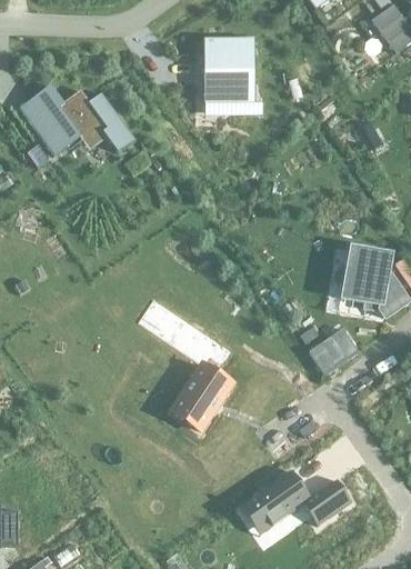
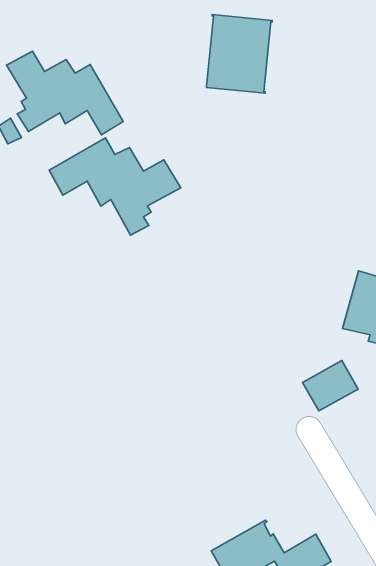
building: none -> [49,138,181,235]
building: [170,365,231,431] -> none

